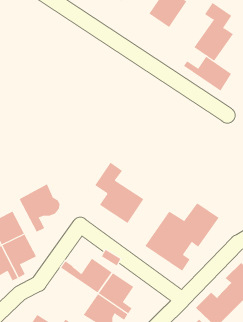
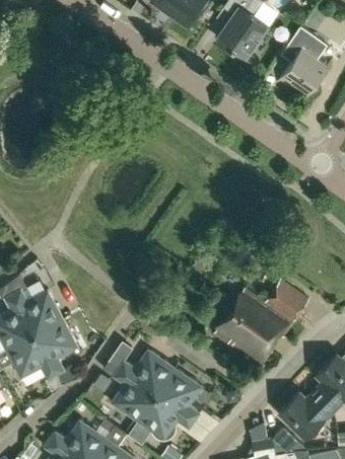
building: [183,56,232,91] -> none
building: [95,162,144,224] -> none
building: [19,184,60,233] -> none
building: none -> [101,362,155,422]

